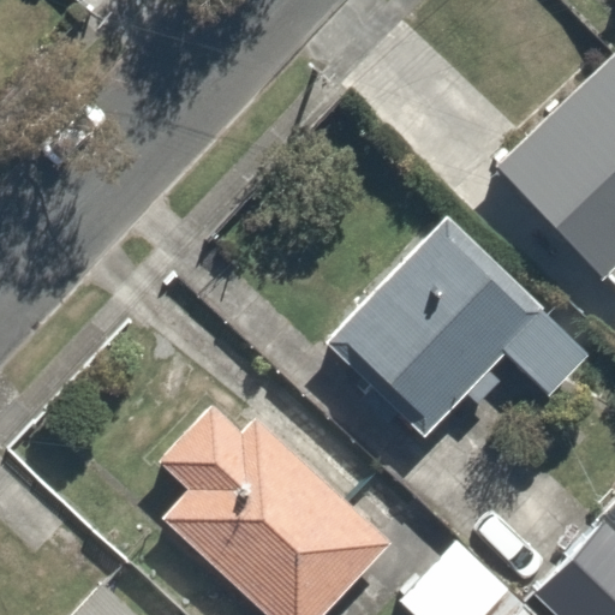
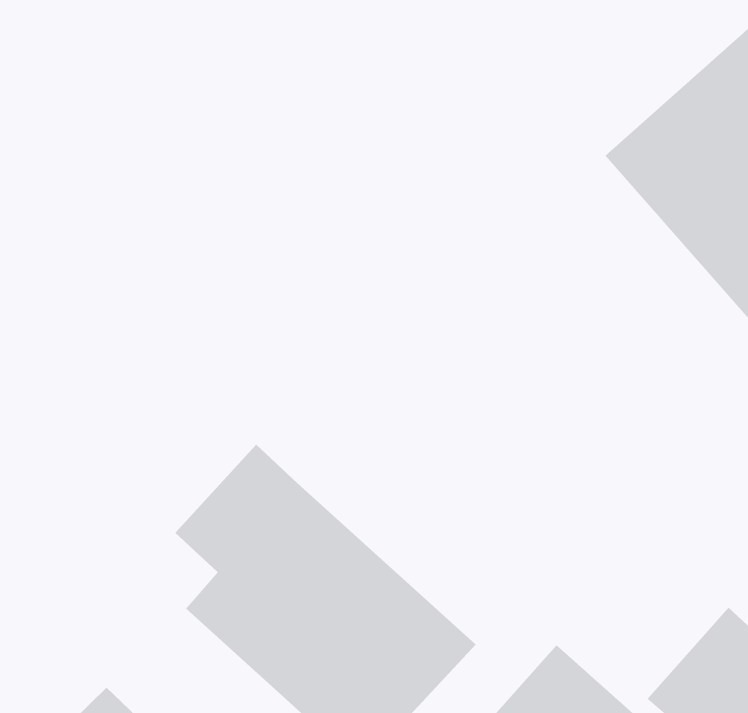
building: [335,215,581,417] -> none

